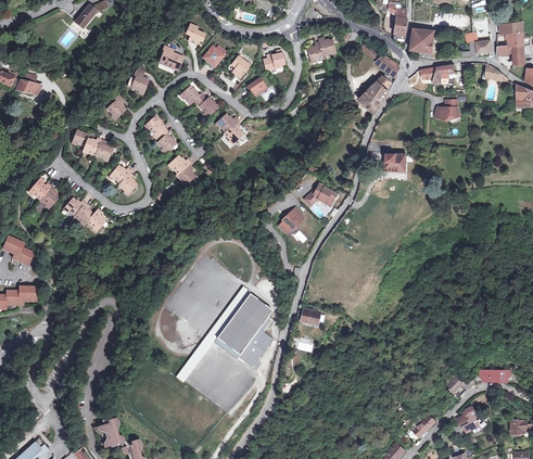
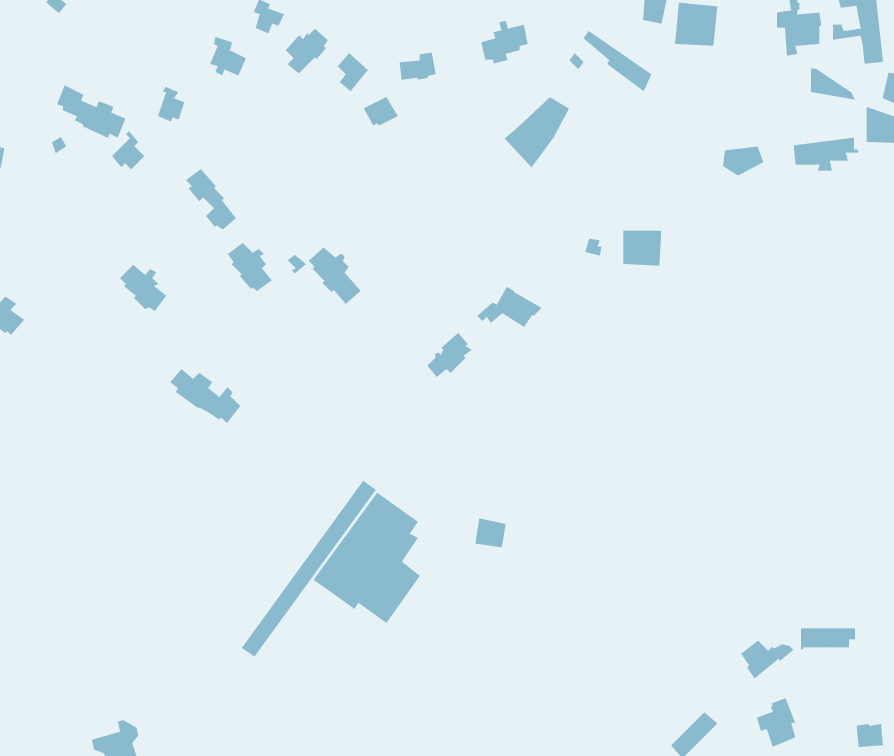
building: [418,64,454,82] -> [793,137,859,171]
building: [357,75,393,114] -> [504,97,570,168]
building: [179,86,216,115] -> none
building: [215,114,244,145] -> [308,247,362,305]
building: [74,131,112,161] -> [56,84,126,138]
building: [66,202,105,232] -> [169,368,241,424]

